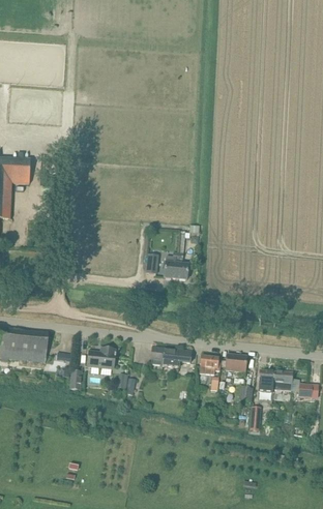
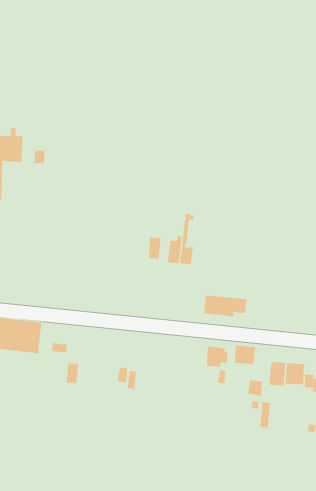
building: [150,347,192,367] -> [203,295,248,317]
building: [86,348,115,370] -> none

